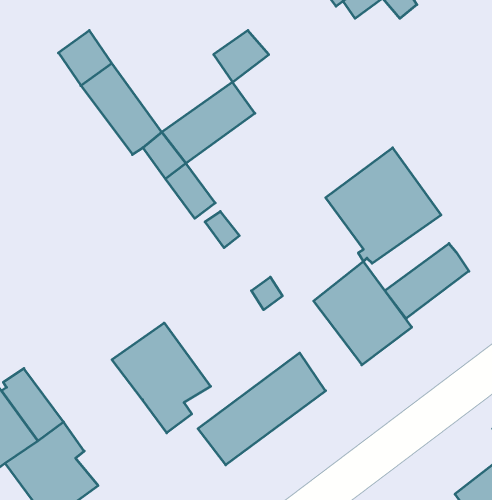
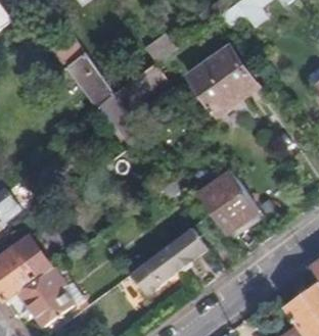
building: [326,148,441,263] -> [189,47,258,115]
building: [385,243,469,319] -> none
building: [112,323,211,433] -> none

